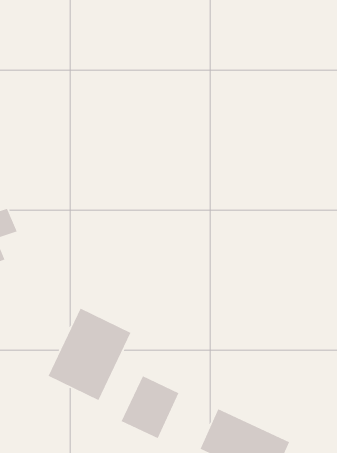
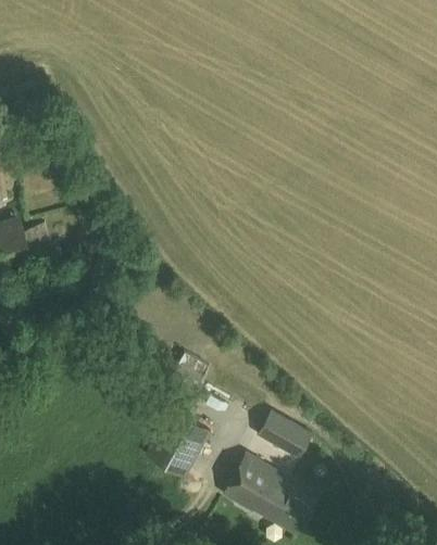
building: [47,308,132,401] -> none
building: none -> [257,413,311,459]

